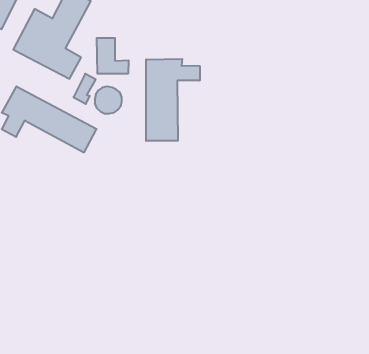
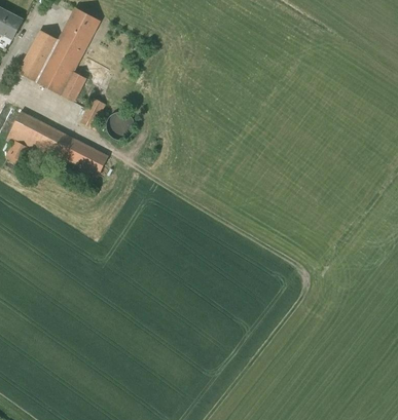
building: [97,38,128,74] -> none
building: [146,59,200,141] -> none

